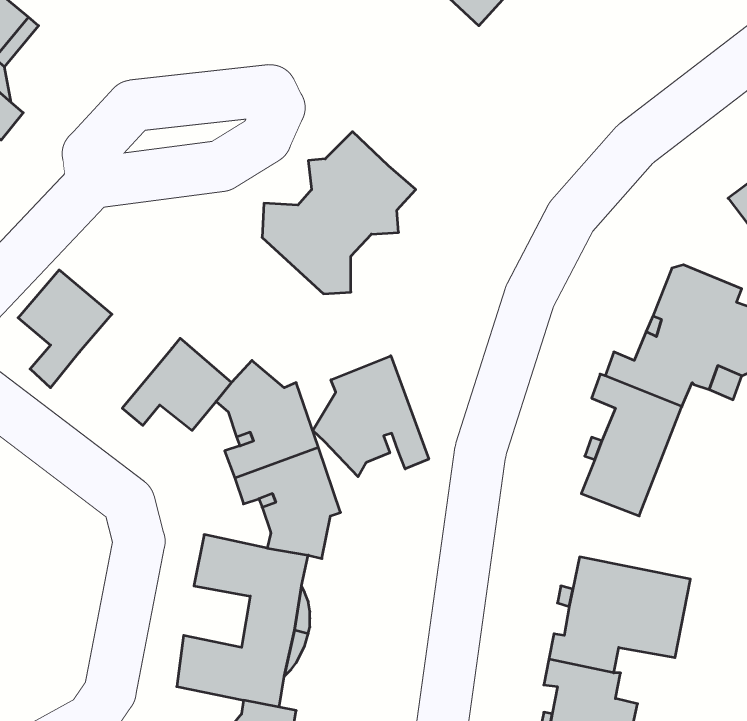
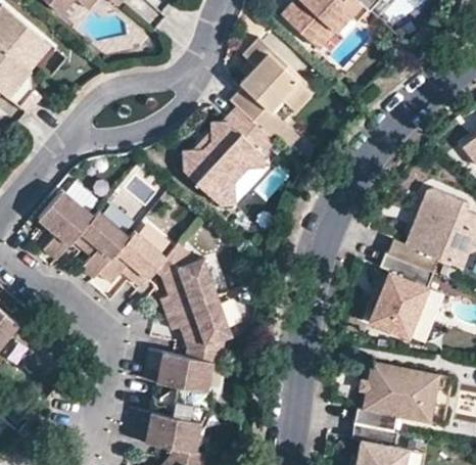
building: none -> [231,39,315,128]
building: none -> [74,211,129,279]
building: [313,356,429,477] -> none

